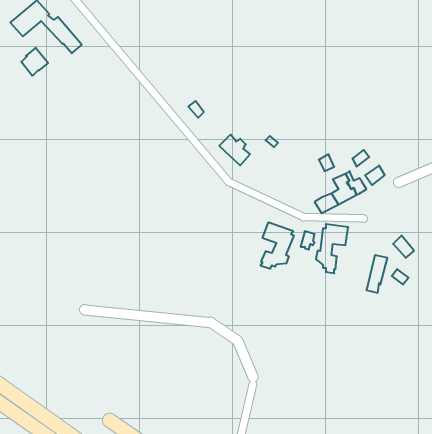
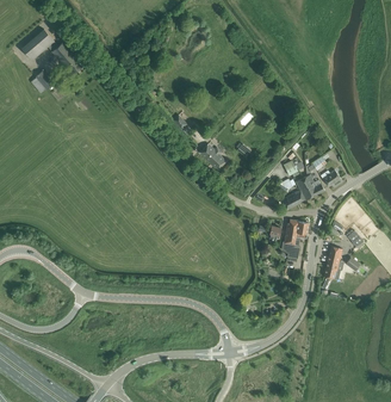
building: [261,222,294,269] -> none

